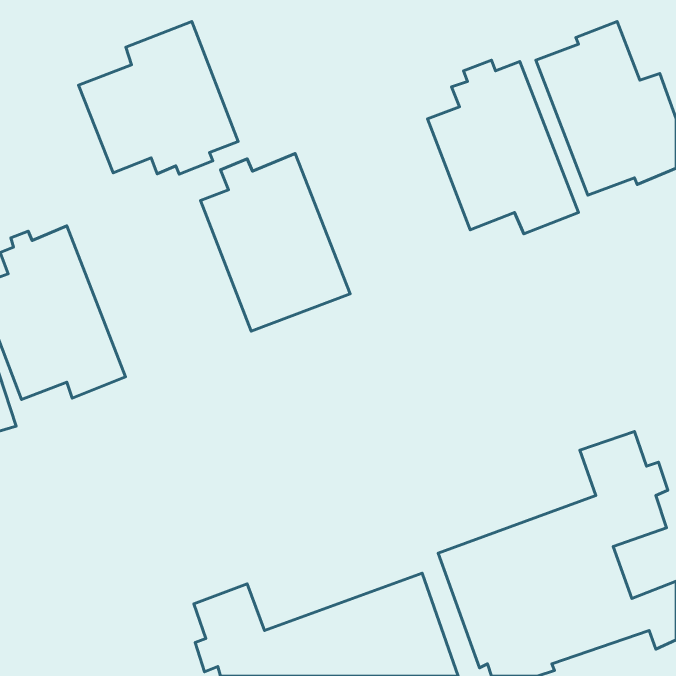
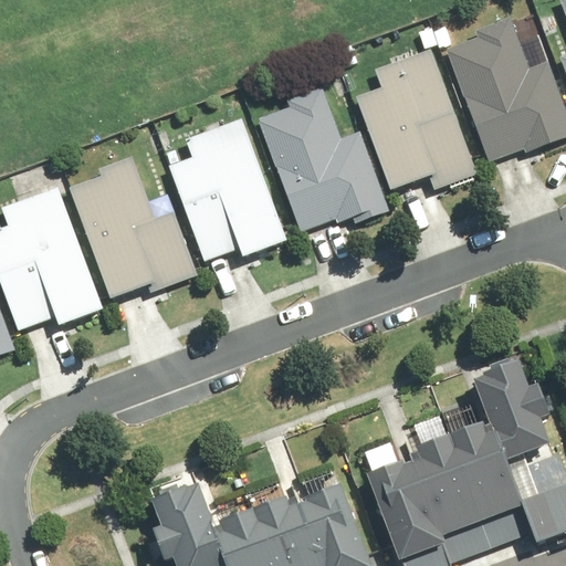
building: [79,22,238,174] -> none
building: none -> [256,87,385,231]
building: none -> [71,158,199,300]

